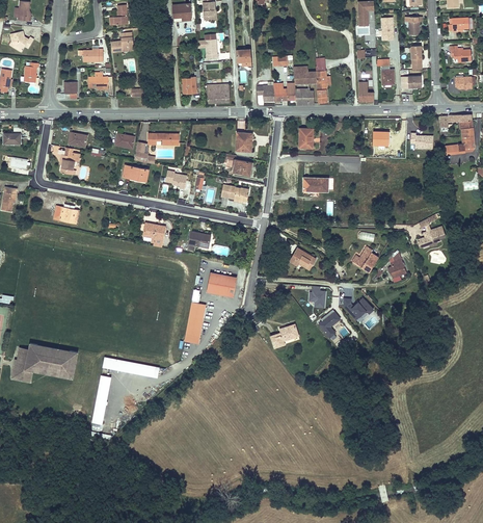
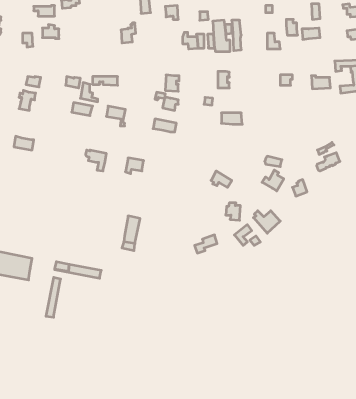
building: [207,84,230,103] -> none
building: [207,272,236,296] -> none

